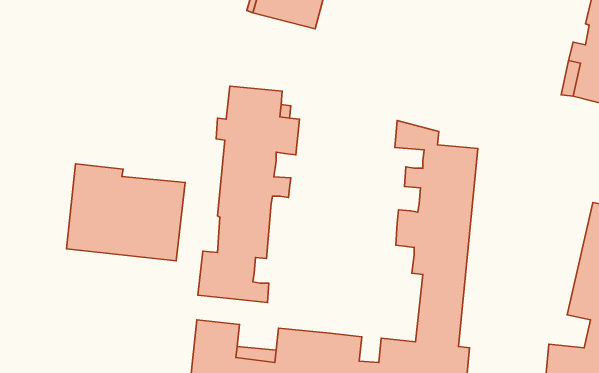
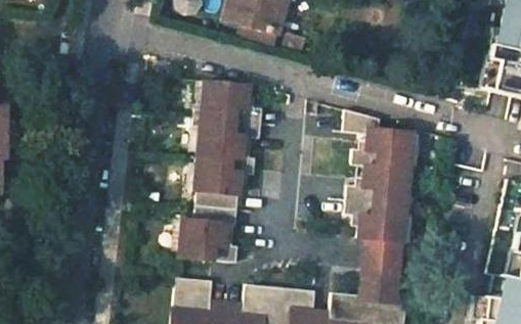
building: [67,164,185,261] -> none

